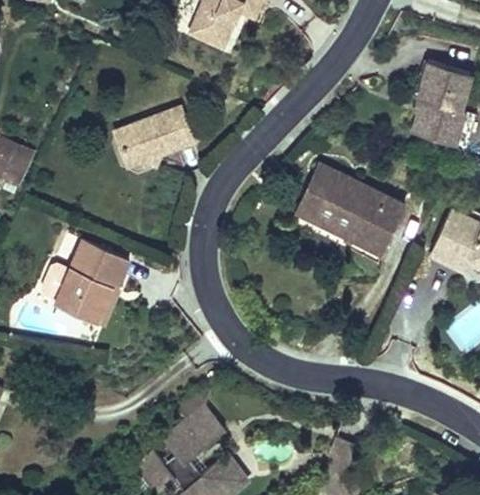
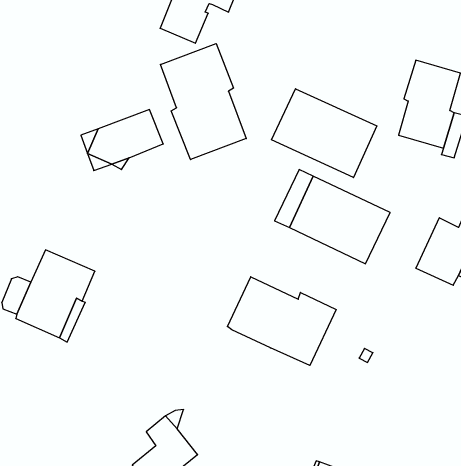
building: none -> [160,44,246,160]
building: none -> [271,89,377,178]
building: none -> [227,277,336,365]

